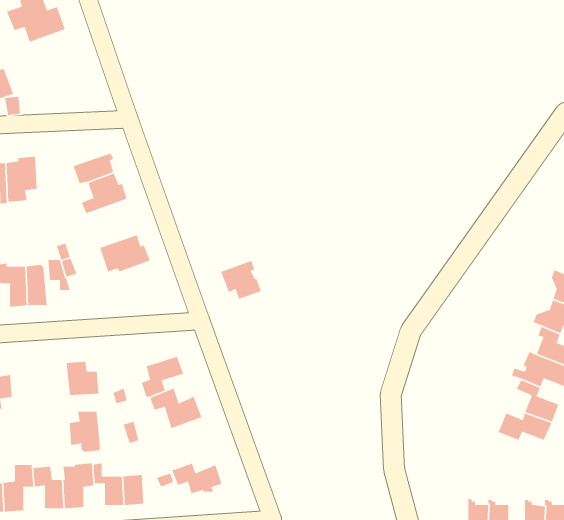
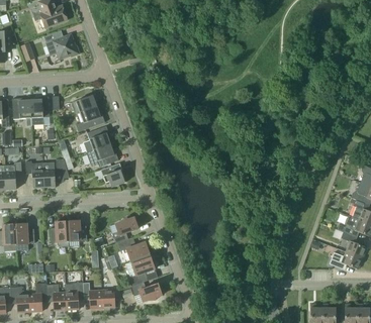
building: none -> [43,31,79,59]
building: none -> [83,125,110,151]
building: [220,260,262,300] -> [100,163,125,187]
building: [69,411,101,452] -> [50,221,69,246]
building: none -> [125,254,155,286]

